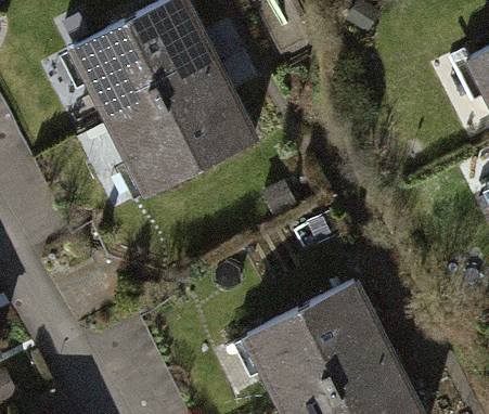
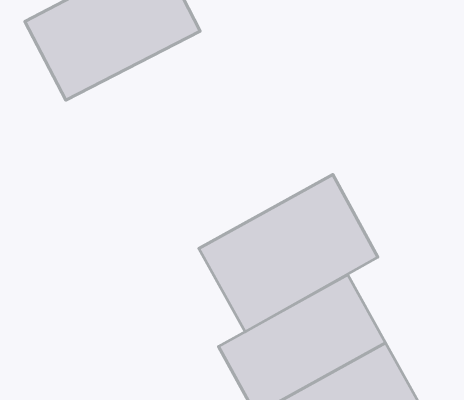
building: [104,62,265,200] -> none
building: none -> [199,175,378,332]

